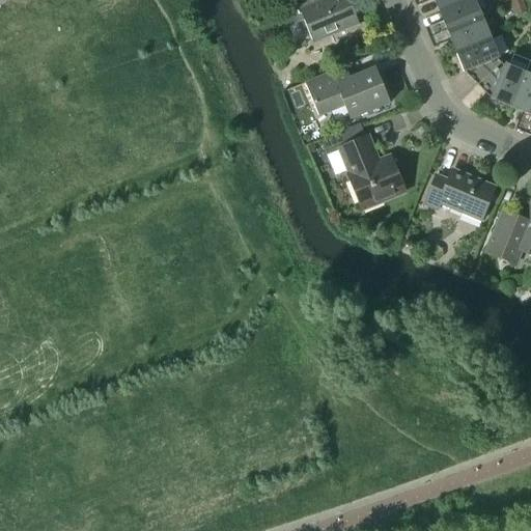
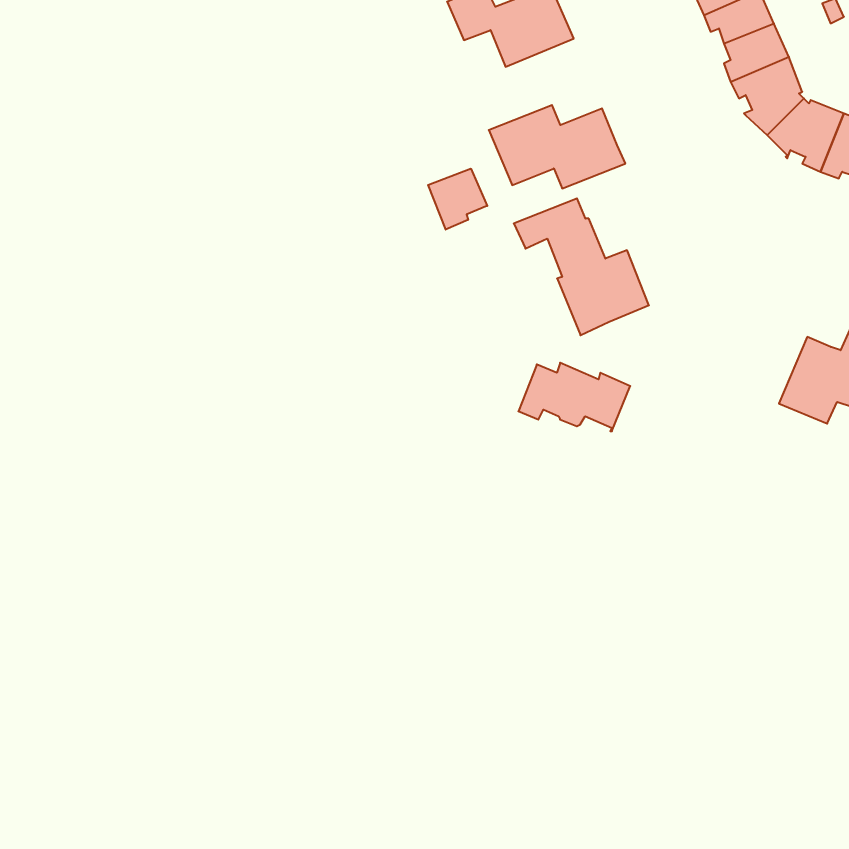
building: none -> [428,169,487,230]
building: [425,173,495,216] -> [518,363,630,431]

